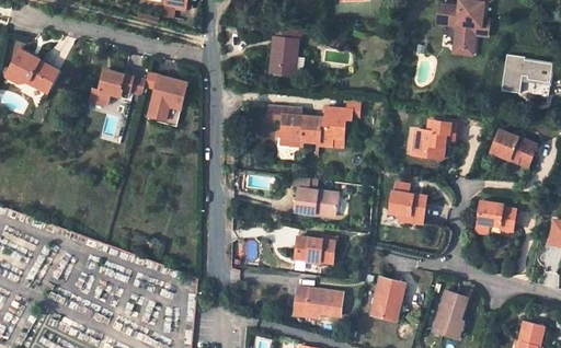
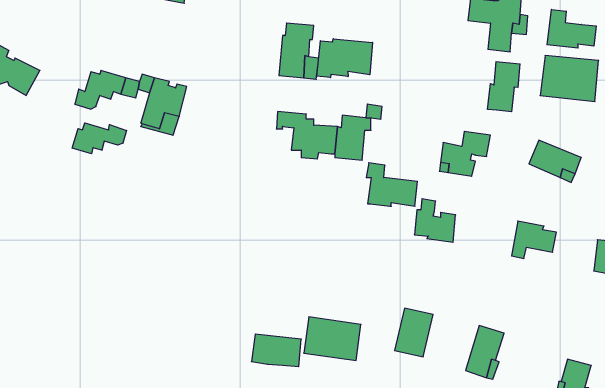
building: none -> [547,9,596,48]
building: none -> [317,39,373,78]
building: none -> [488,62,520,112]
building: none -> [72,123,127,154]
building: [291,176,336,214] -> [366,163,417,206]
building: [293,234,336,263] -> [251,334,301,367]

